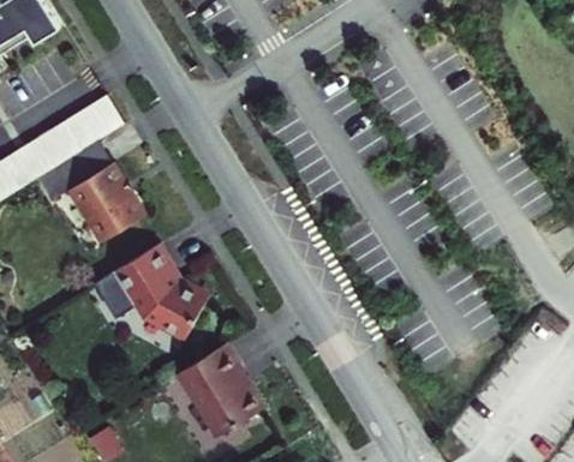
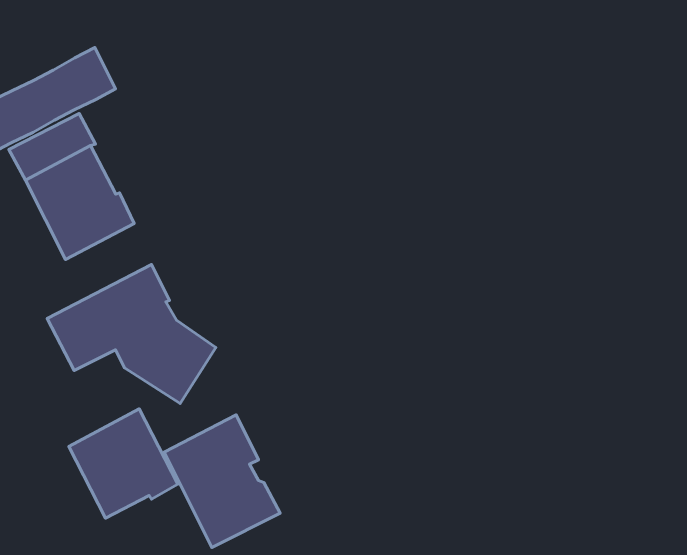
building: none -> [69,409,178,518]

